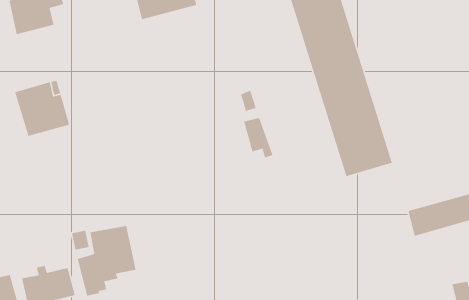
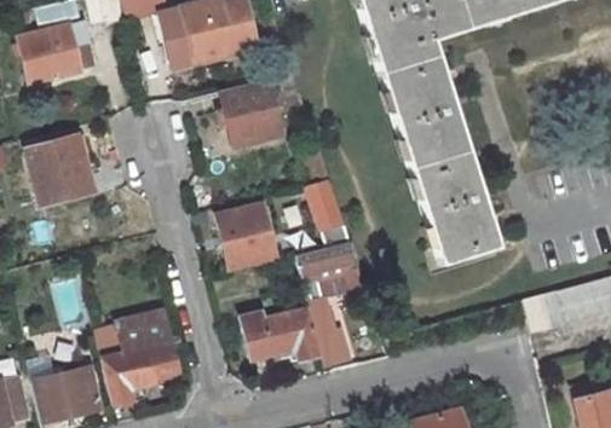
building: none -> [220,77,283,145]
building: none -> [223,201,282,266]
building: none -> [299,238,359,295]
building: none -> [244,307,325,358]

